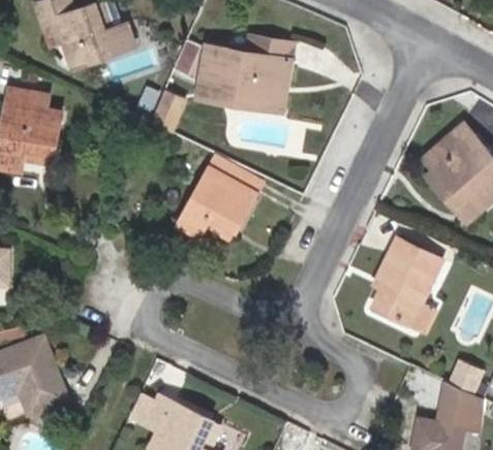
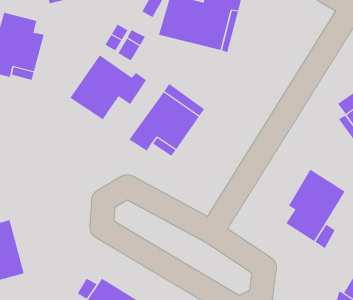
building: none -> [69,55,147,120]

